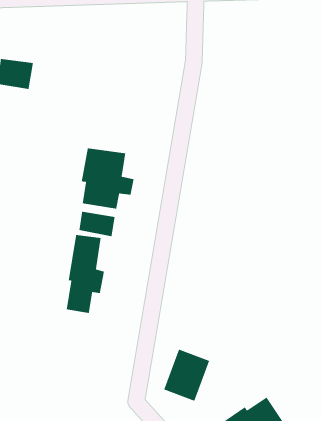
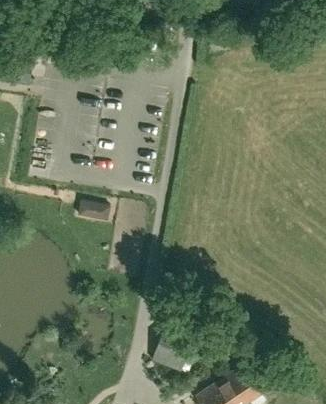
building: [81,147,135,210] -> none
building: [66,234,105,314] -> none

